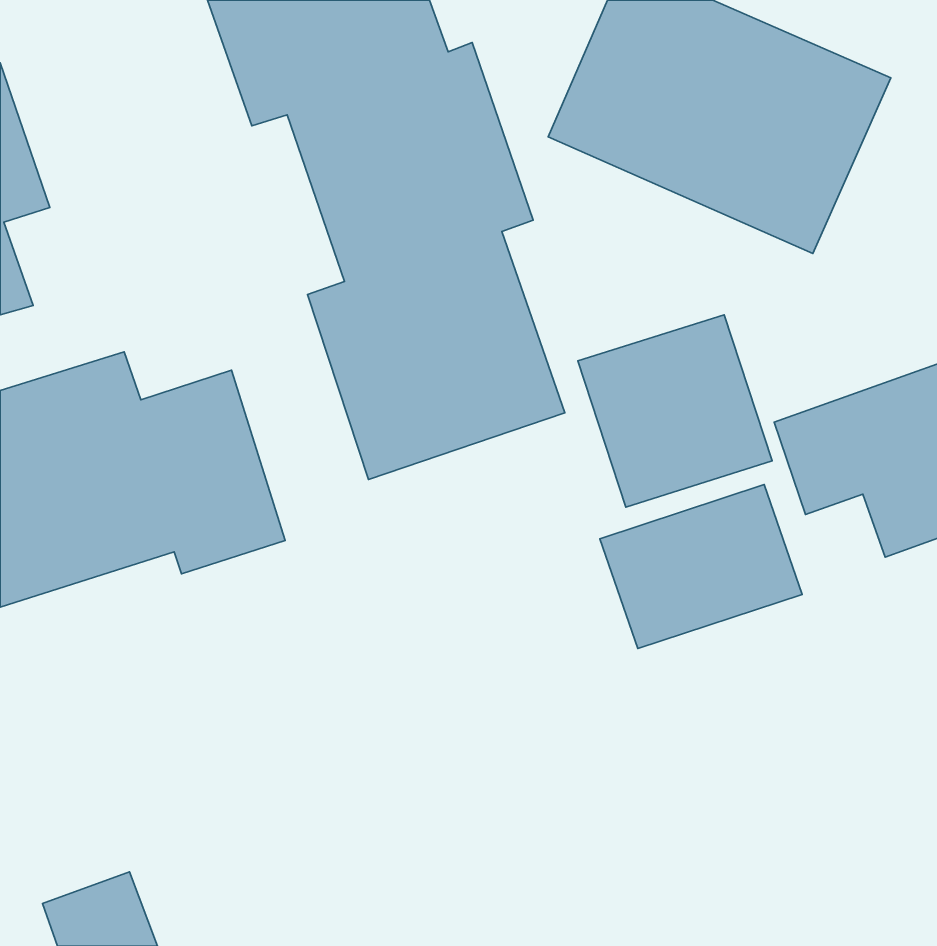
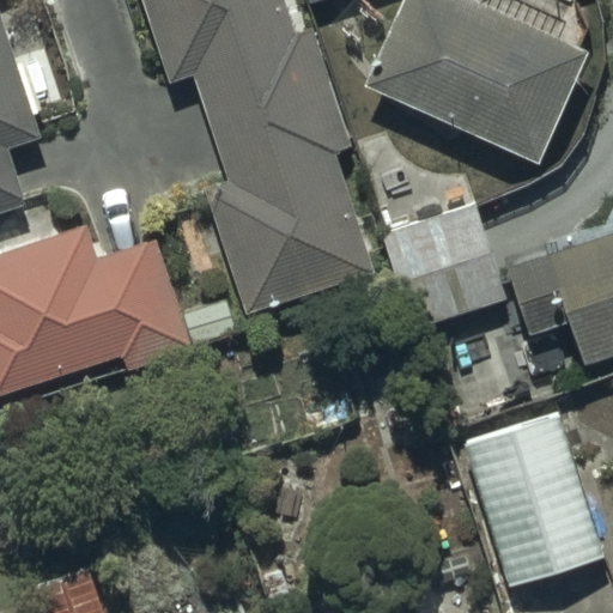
building: [600,485,802,648] -> none
building: none -> [466,414,602,582]

